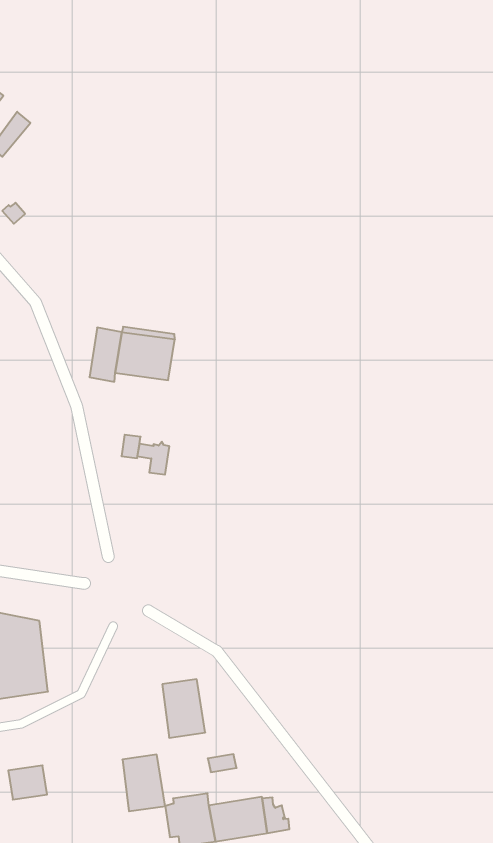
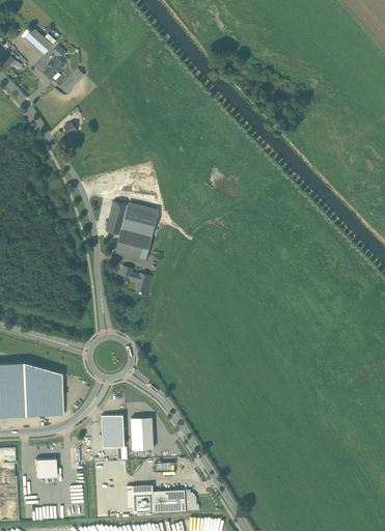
building: none -> [115,229,153,263]
building: [122,755,165,811] -> [102,415,125,447]

